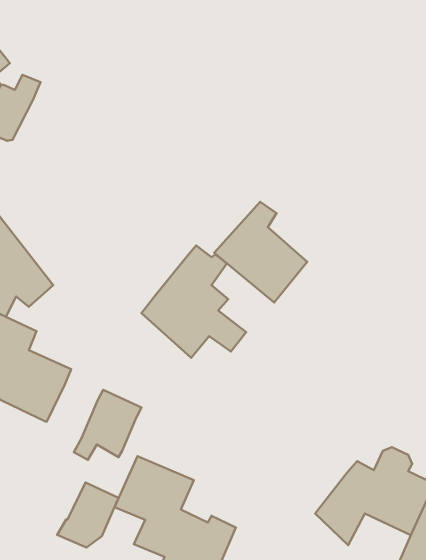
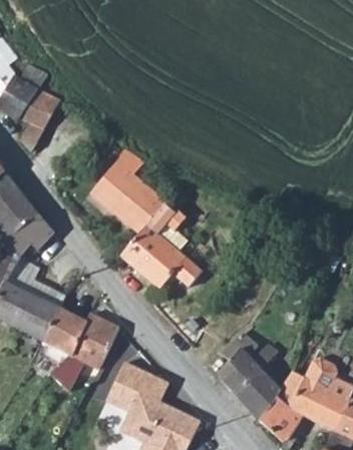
building: none -> [21,87,61,130]
building: [214,202,307,302] -> [86,161,159,241]
building: none -> [220,330,284,412]
building: [57,482,119,547] -> [40,311,88,362]

